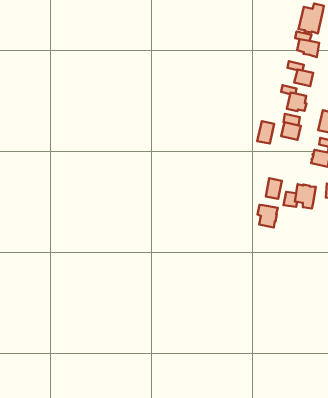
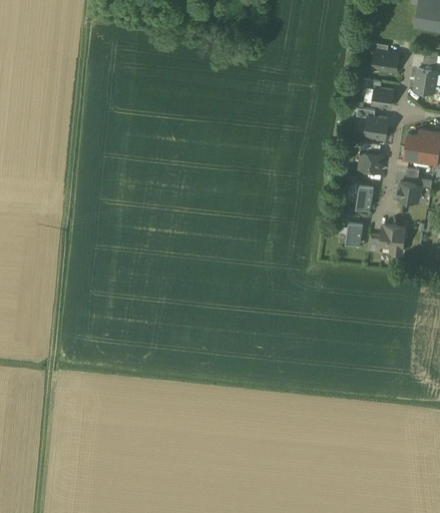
building: [299,4,324,34] -> none
building: [257,121,274,144] -> [356,183,375,209]
building: [257,205,278,227] -> none

